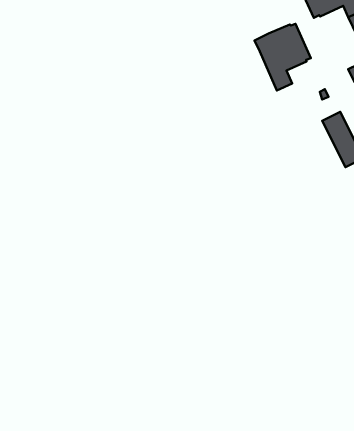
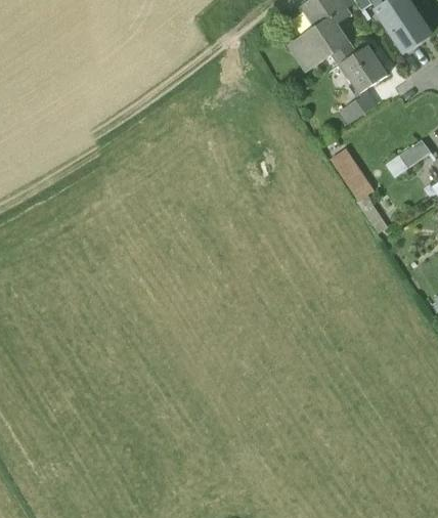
building: [255,24,311,90] -> none

